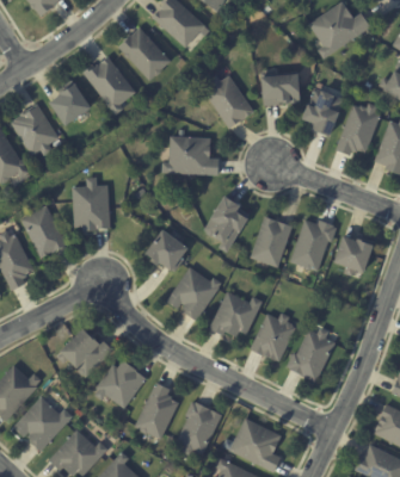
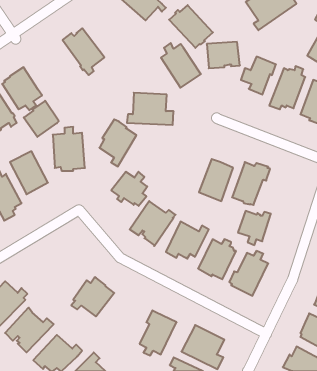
building: [117,27,171,80] -> [169,5,213,48]
building: [48,82,91,126] -> [24,101,59,137]
building: [204,196,250,253] -> [99,119,136,166]
building: [334,235,375,277] -> [238,211,271,245]
building: [57,328,113,378] -> none
building: [136,383,179,439] -> none

